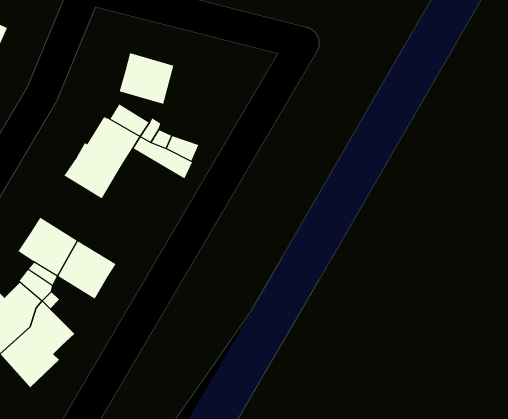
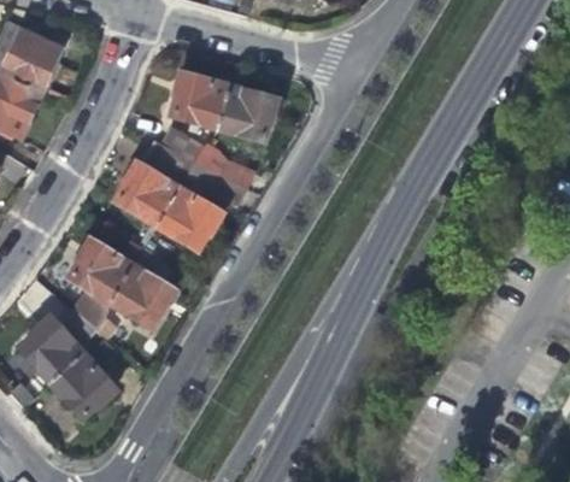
building: none -> [218,87,275,139]
building: none -> [155,188,217,247]

